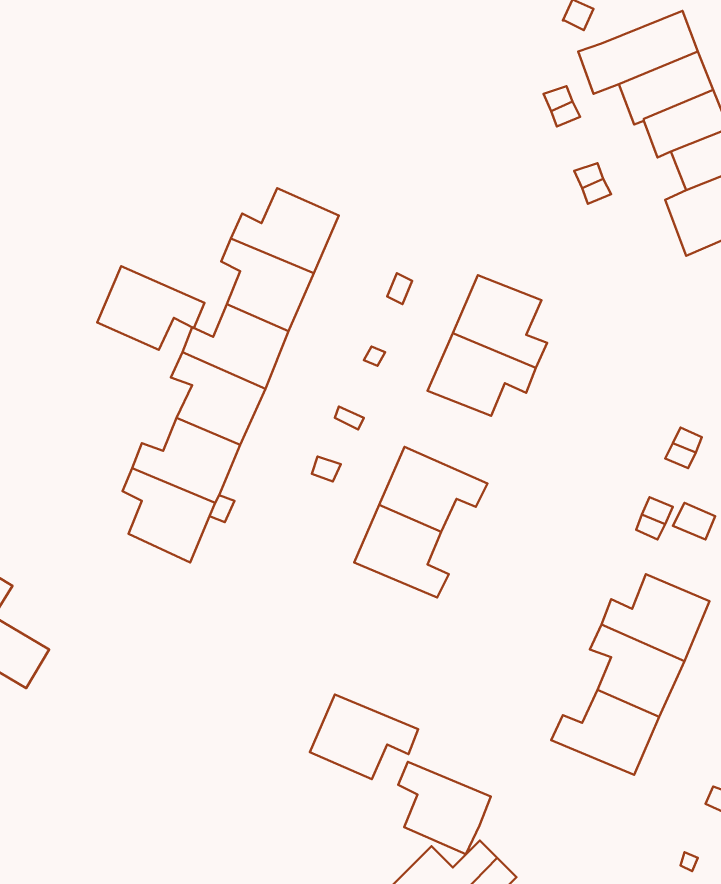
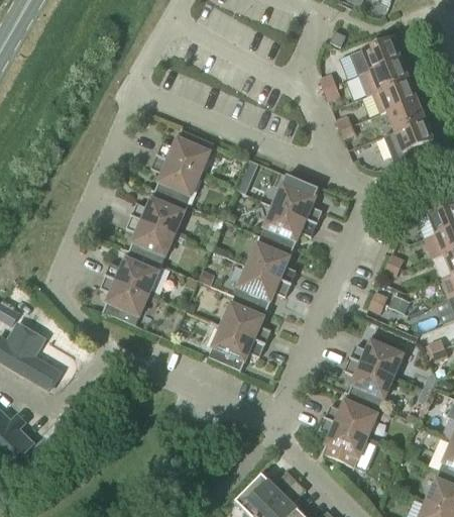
building: [97,266,205,350] -> none
building: none -> [247,236,296,285]
building: [310,694,418,779] -> [208,326,264,371]
building: [398,762,491,854] -> [319,419,367,468]

